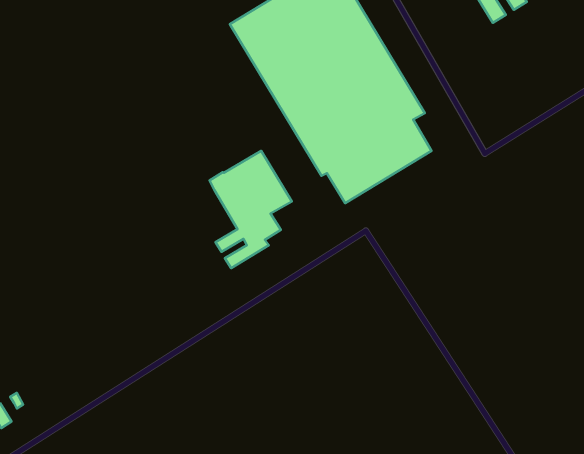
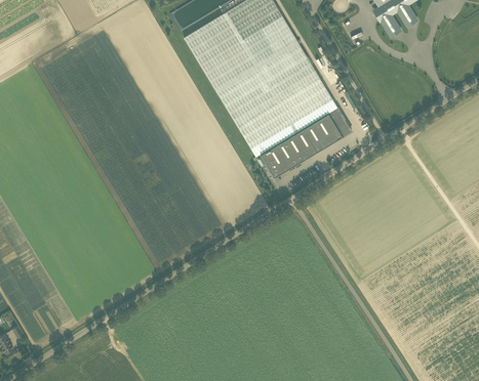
building: [209,151,292,268] -> none

